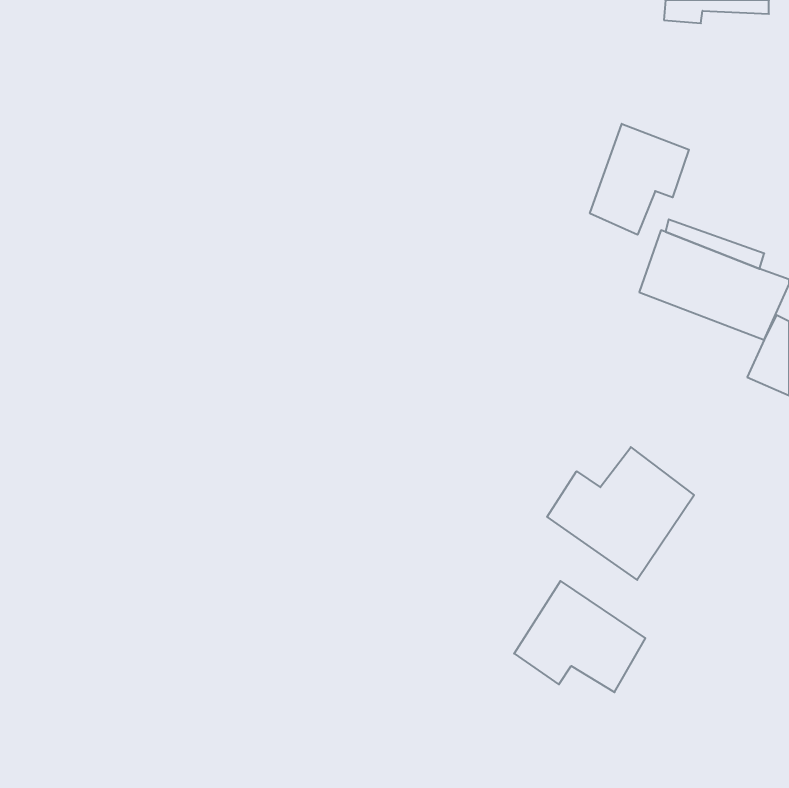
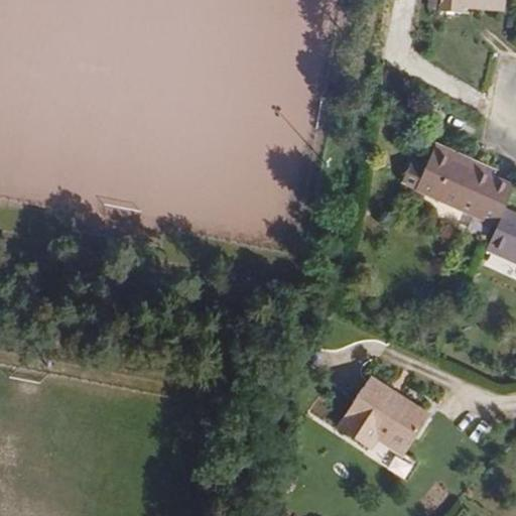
building: [590,124,689,235] -> none
building: [547,447,694,580] -> none

